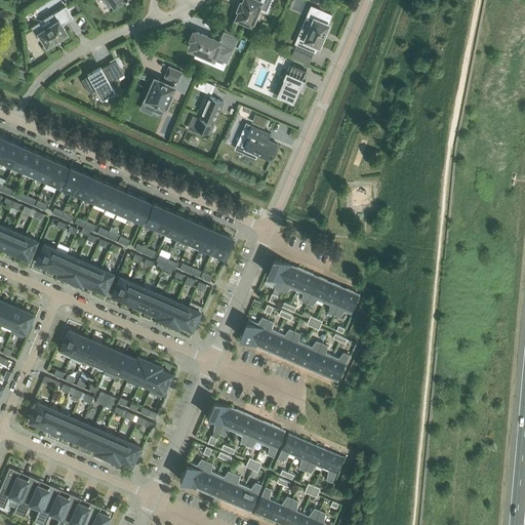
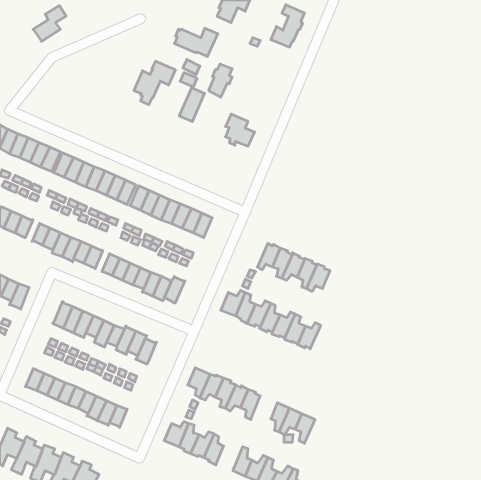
building: [80,62,123,100] -> none
building: [279,67,305,103] -> [209,64,232,97]
building: [267,259,291,292] -> none
building: [276,434,301,462] -> none
building: [235,483,260,512] -> none

